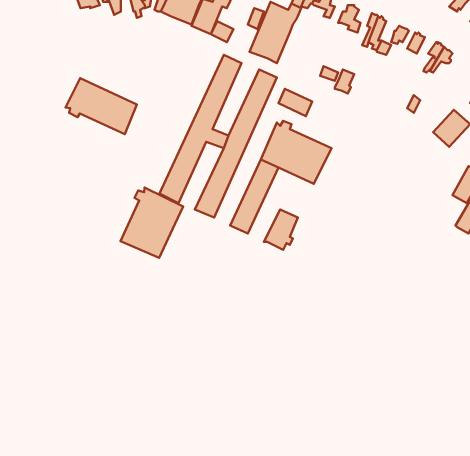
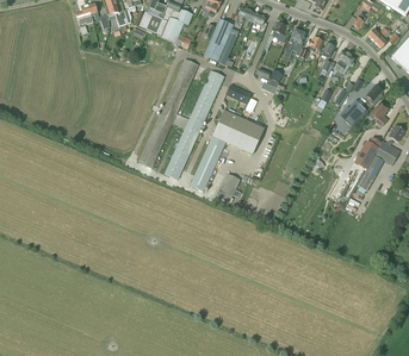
building: [66,78,137,134] -> none
building: [120,188,183,258] -> none

